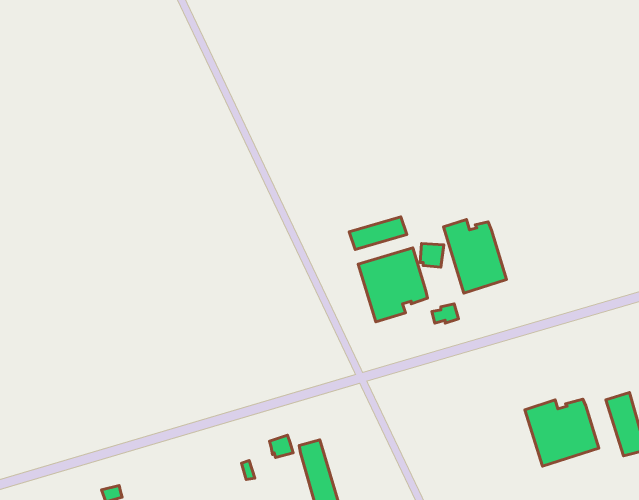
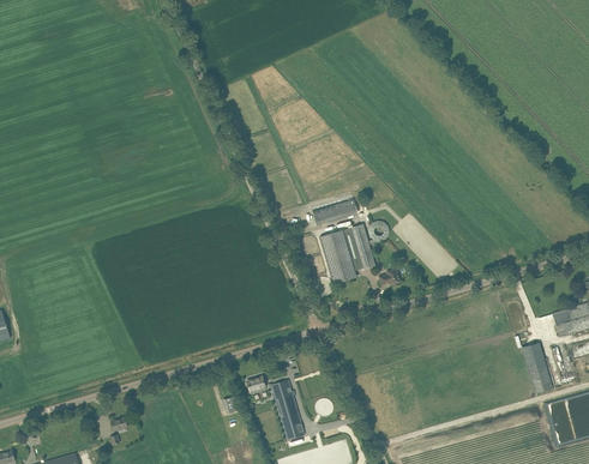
building: [444,219,507,293] -> none
building: [525,399,599,466] -> none

